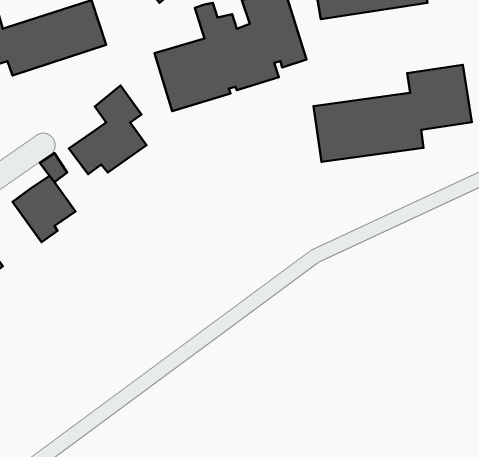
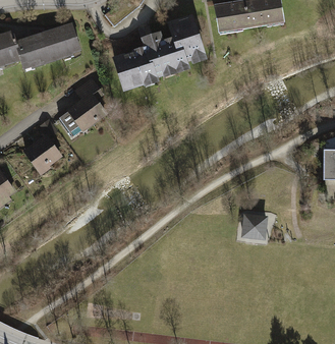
building: [314,65,472,162] -> none
building: none -> [240,213,267,240]

